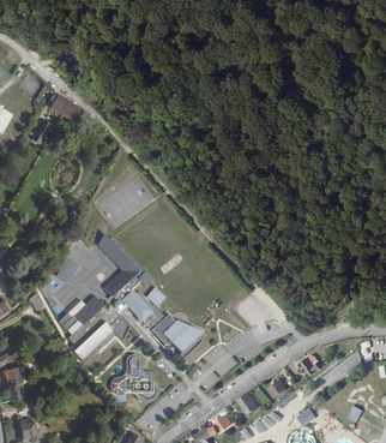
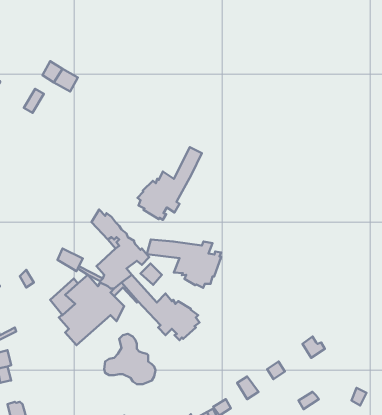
building: none -> [138,147,202,220]
building: none -> [147,240,221,288]

